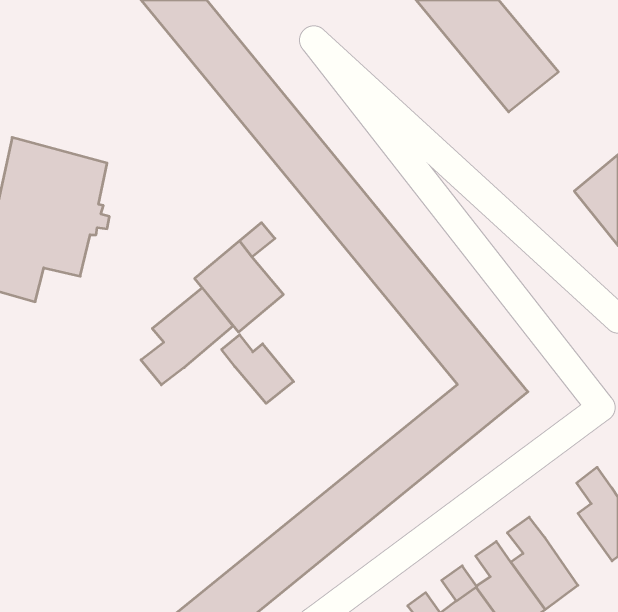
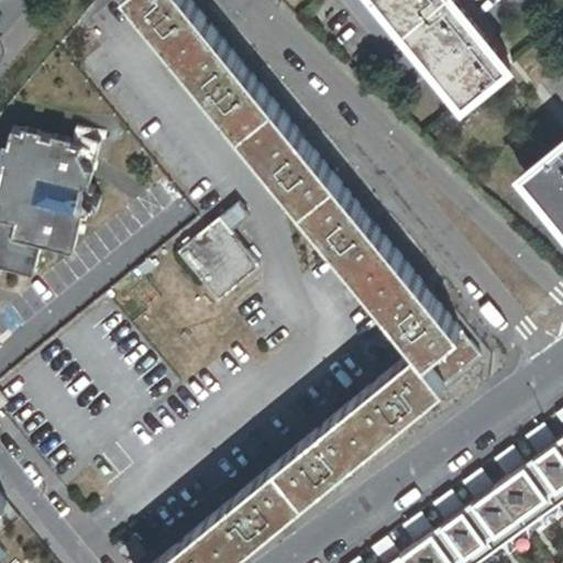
building: [141,288,233,385] -> none
building: [222,335,294,403] -> none
building: none -> [490,453,553,538]

